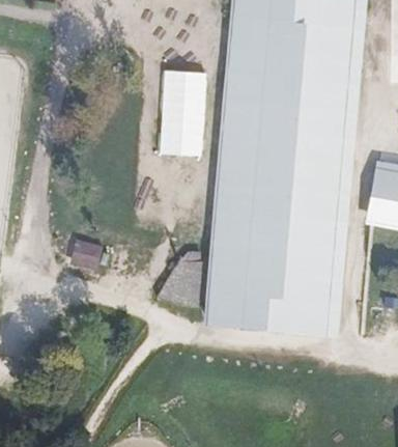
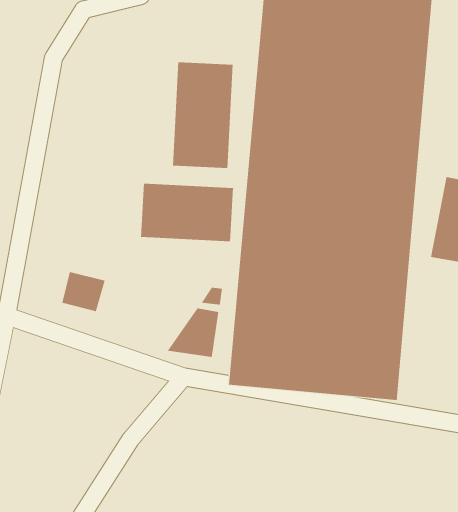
building: none -> [141,183,233,242]

